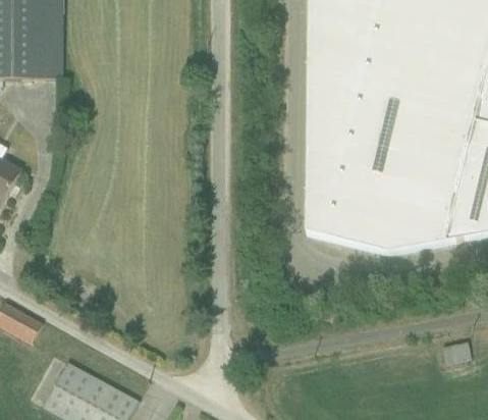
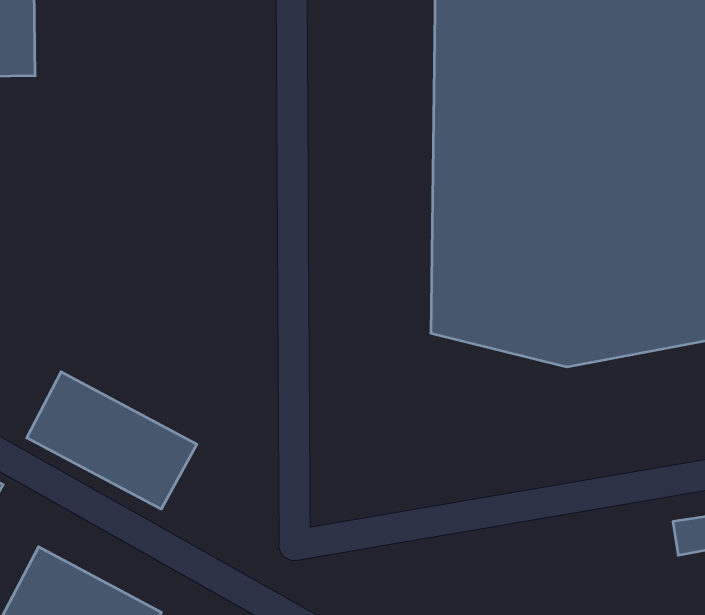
building: none -> [27,372,197,509]

